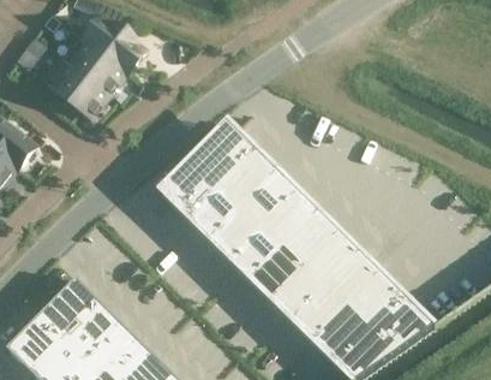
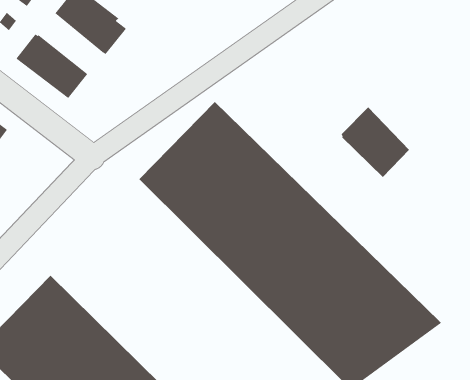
building: [62,35,124,91] -> none
building: none -> [341,106,410,178]

